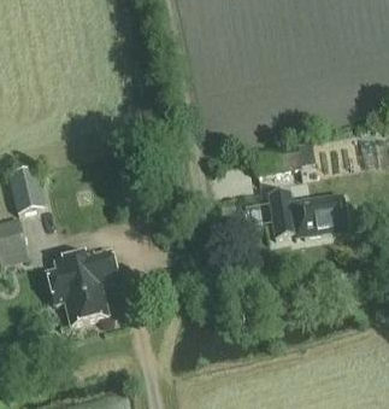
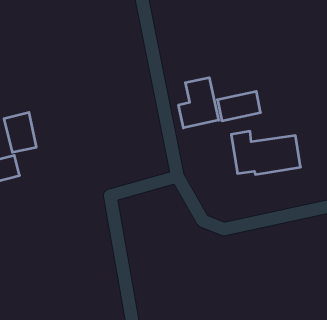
building: none -> [179,78,219,128]
building: [46,249,120,323] -> none

